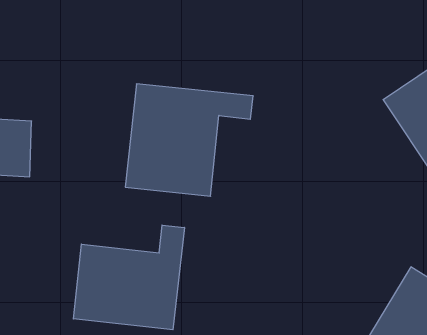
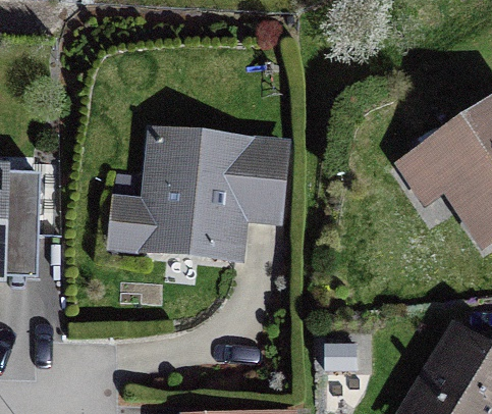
building: [73,225,184,330] -> none

